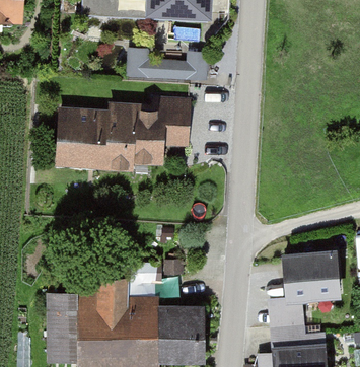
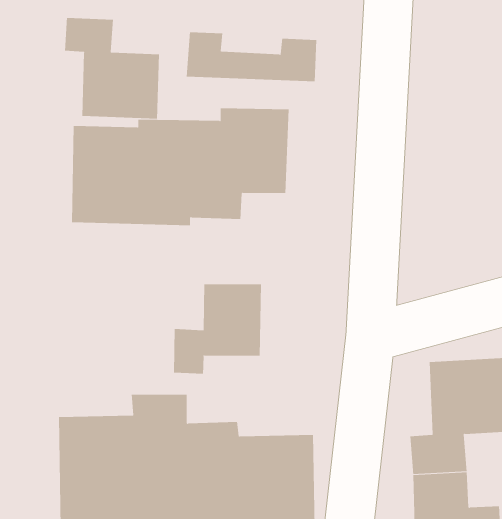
building: none -> [64,17,159,119]
building: none -> [173,283,262,375]

